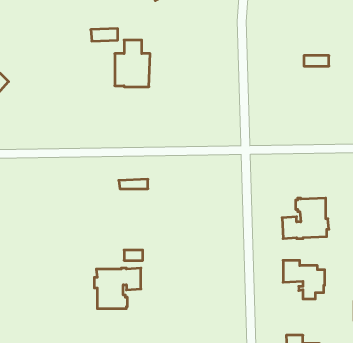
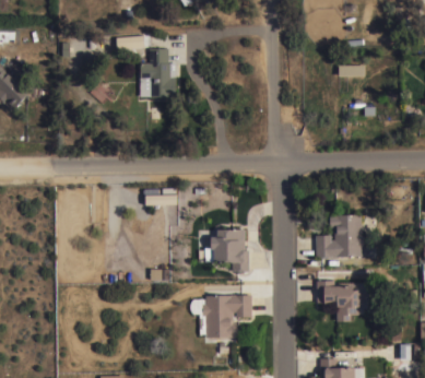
building: none -> [212,229,249,272]
building: [94,268,141,309] -> [203,295,252,338]

